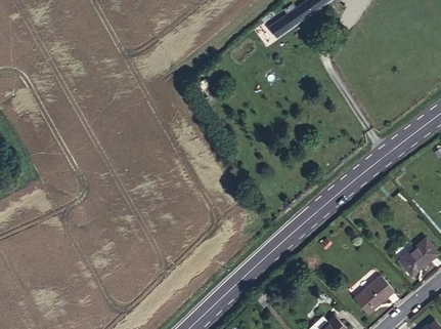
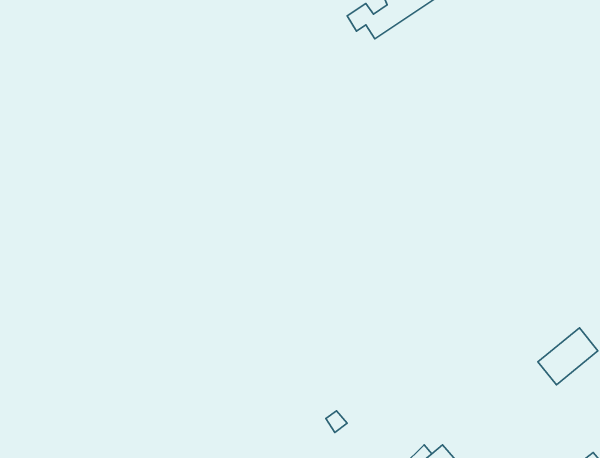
building: [352,274,393,314] -> none

